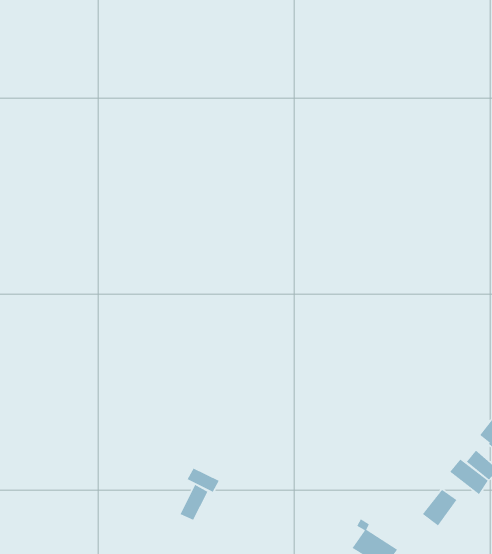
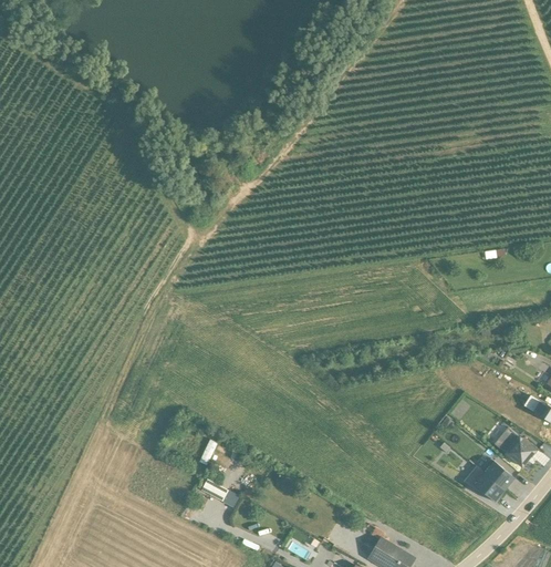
building: [179,484,208,521] -> none
building: [422,489,458,527] -> none

